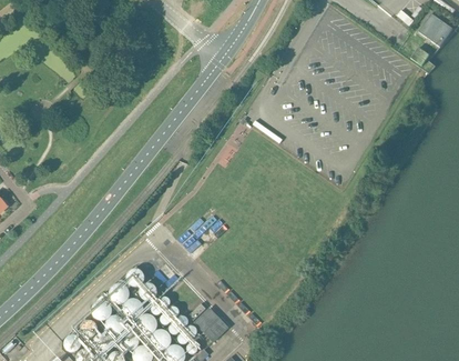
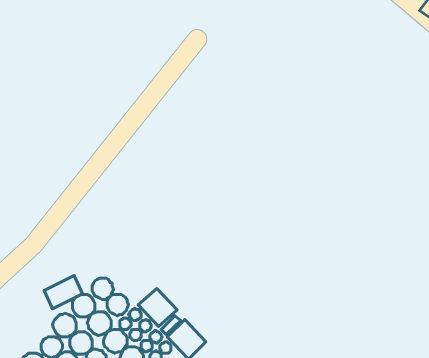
building: none -> [44,276,82,309]
building: none -> [138,288,177,326]

